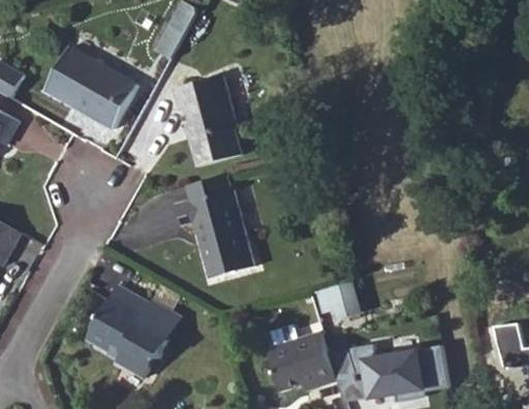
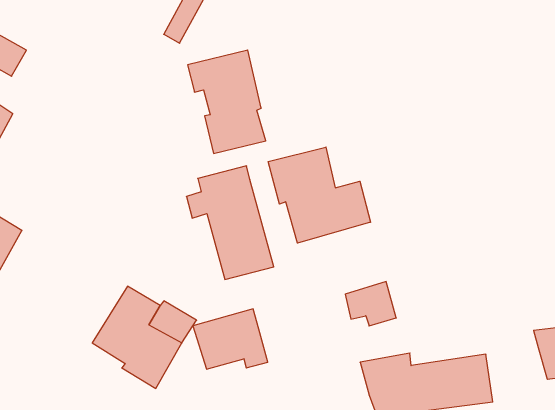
building: [41,42,139,130] -> none
building: none -> [268,147,371,243]
building: [270,335,338,389] -> [193,309,268,369]

